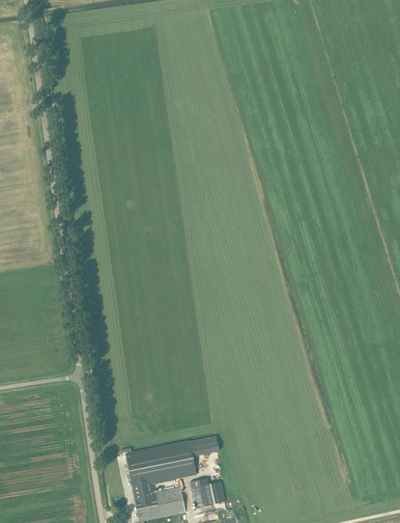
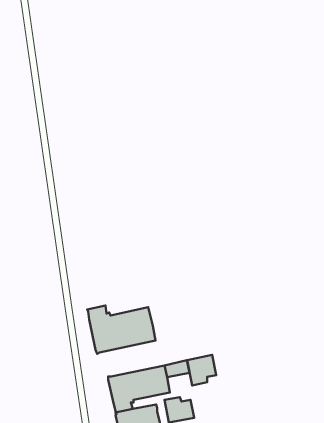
building: none -> [87,306,156,354]
building: none -> [187,355,216,386]

